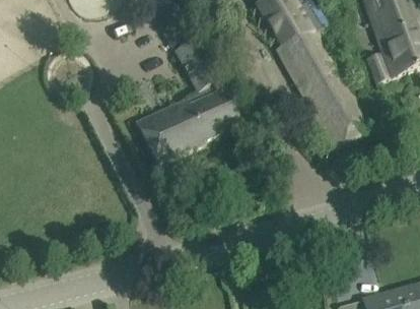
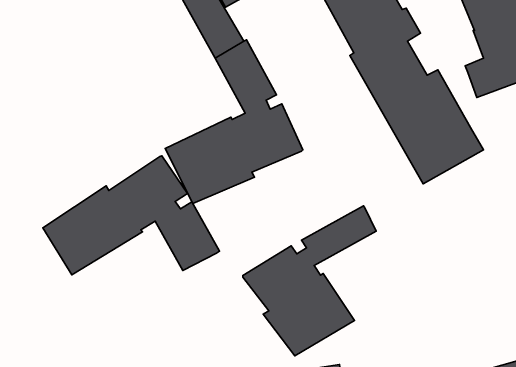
building: none -> [43,156,219,275]
building: none -> [243,206,376,356]

